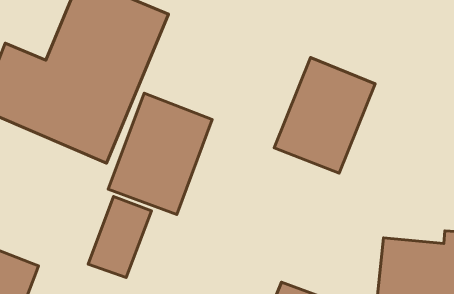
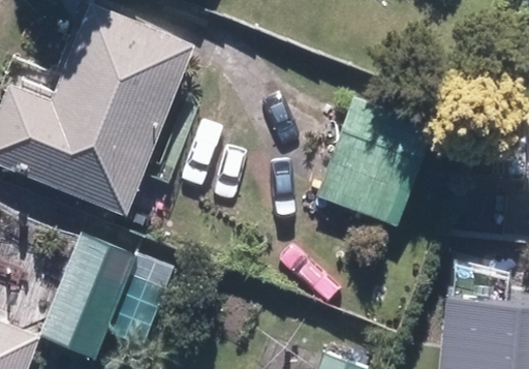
building: [108,93,212,215] -> none
building: none -> [39,232,133,359]

